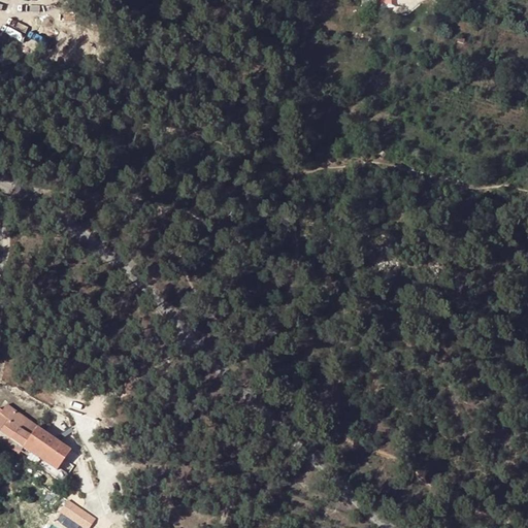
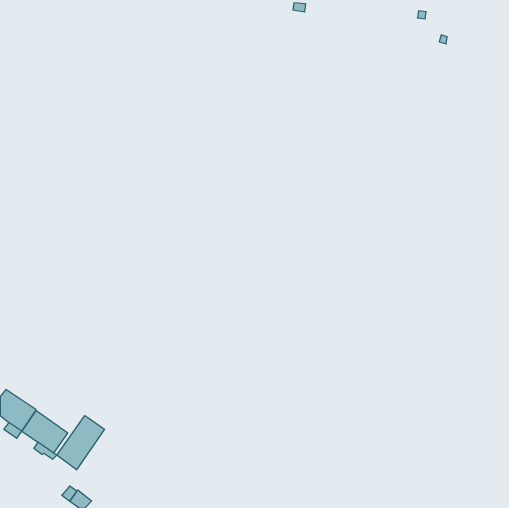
building: none -> [57,416,105,470]

